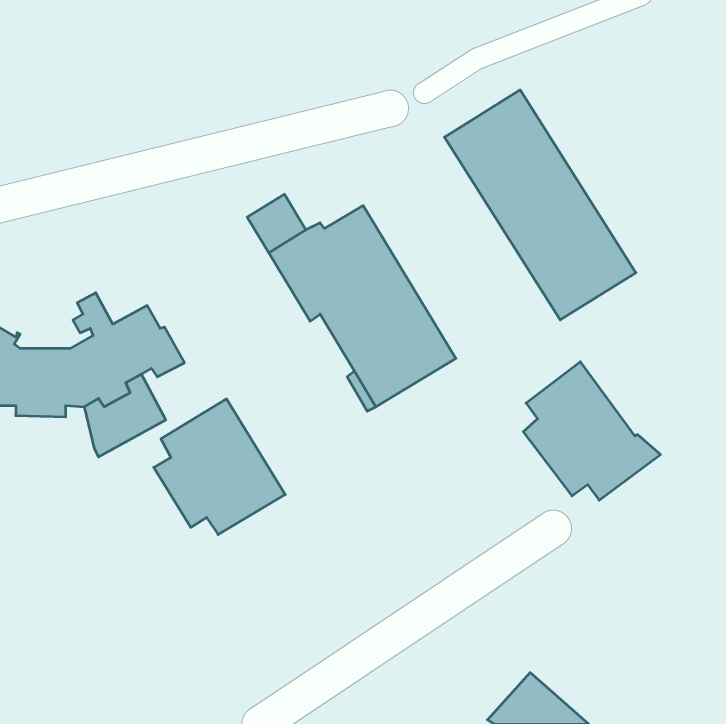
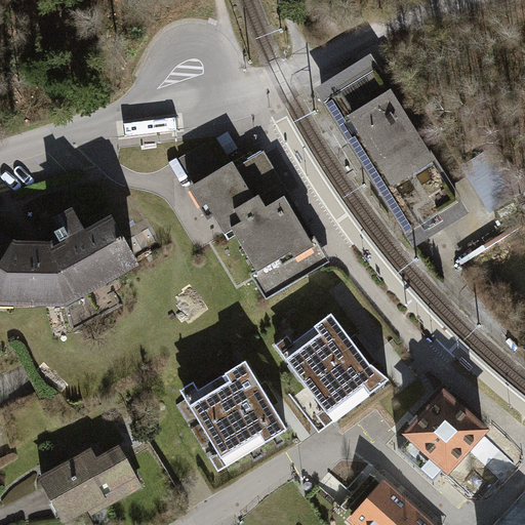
building: [523,362,660,500] -> [287,310,386,409]
building: [154,399,285,535] -> [190,358,284,455]
building: none -> [406,392,515,491]
building: none -> [39,447,135,515]

